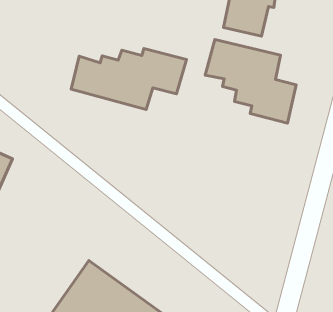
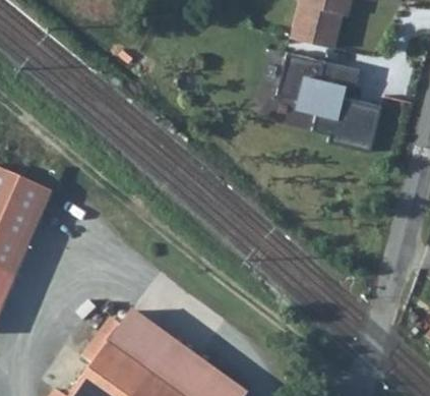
building: [71,48,187,110] -> none

